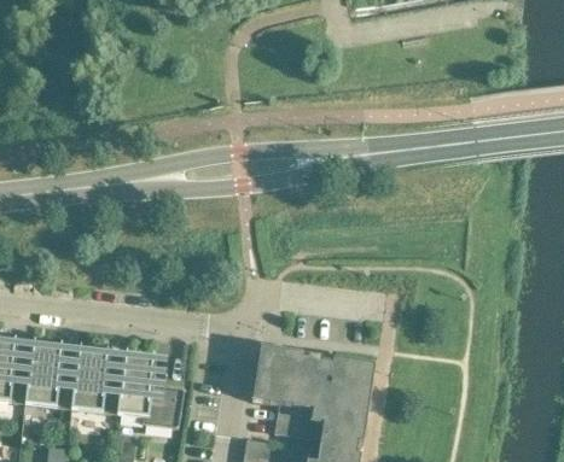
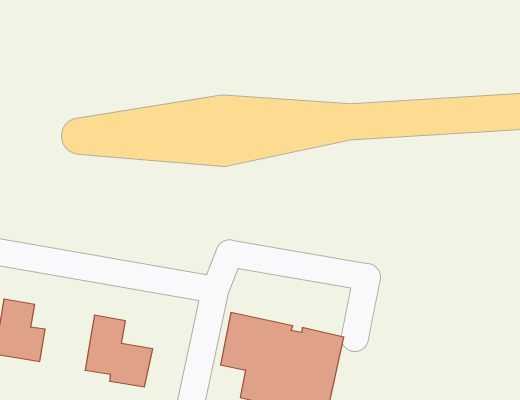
building: [71,351,121,413] -> none

